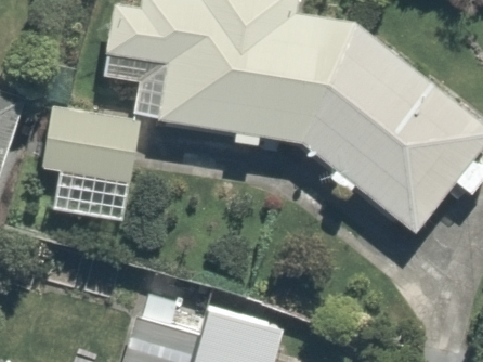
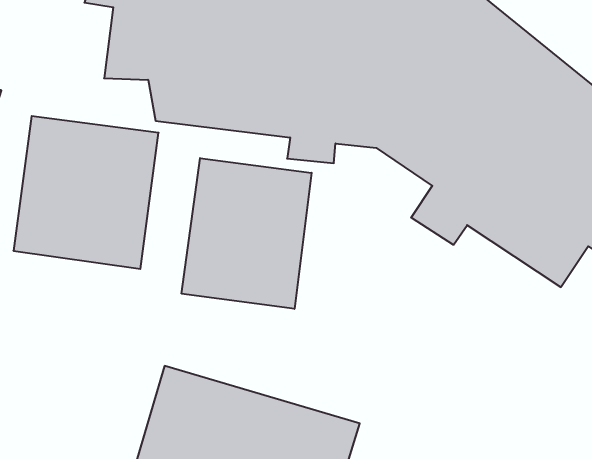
building: none -> [182,158,312,309]

